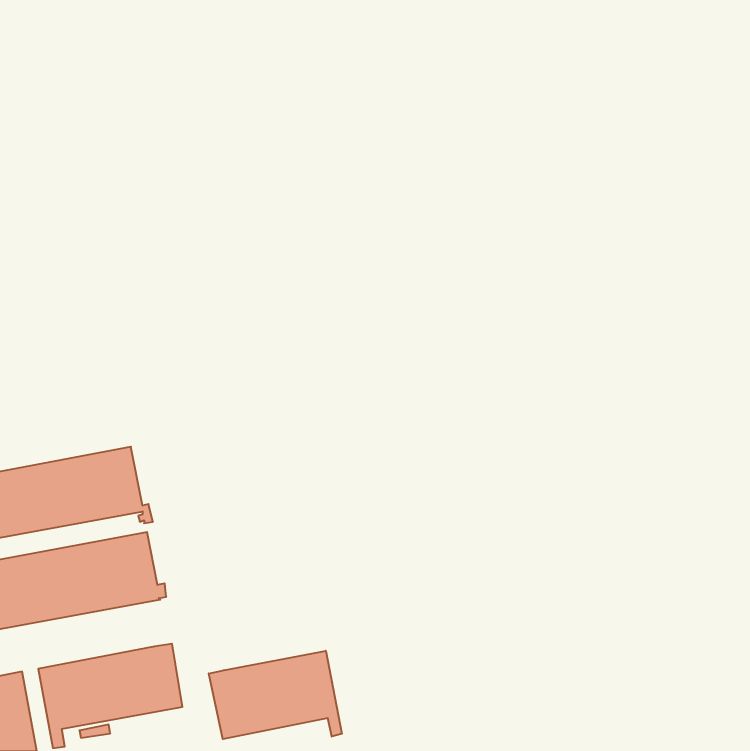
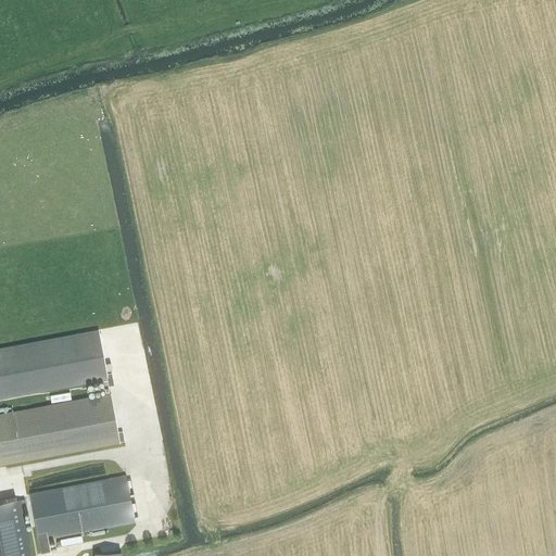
building: [209,651,342,739] -> none

